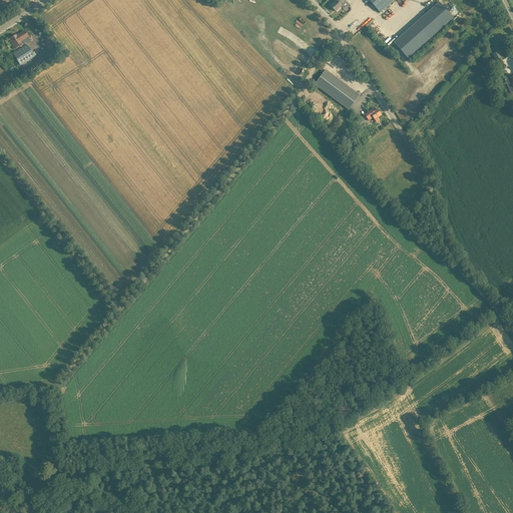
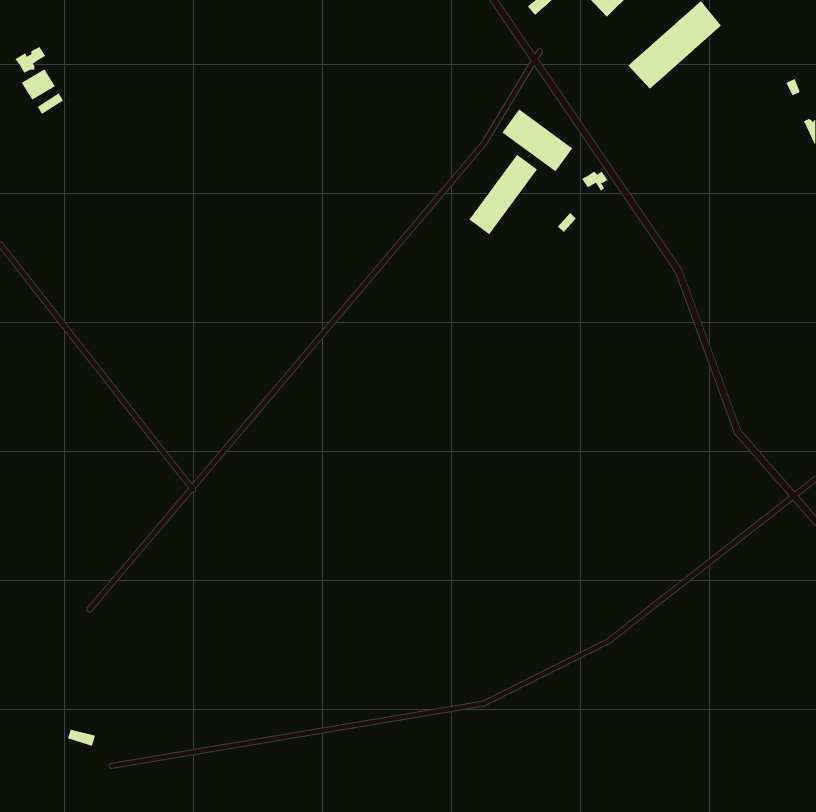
building: none -> [469,154,538,235]

